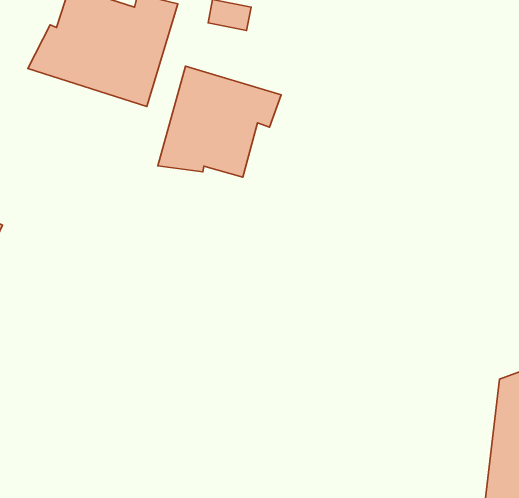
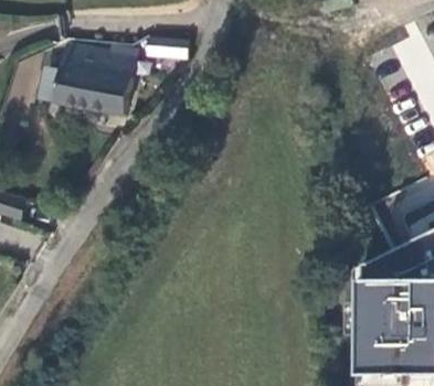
building: [158,66,281,177] -> none

